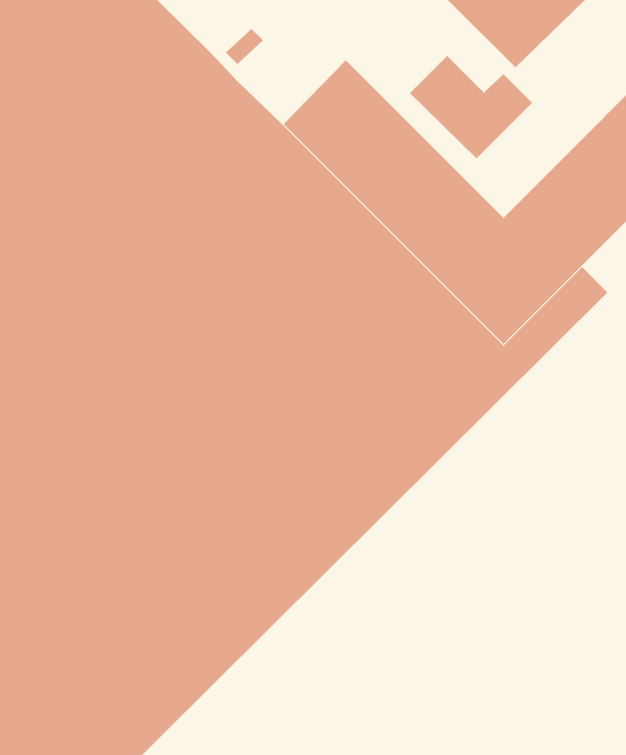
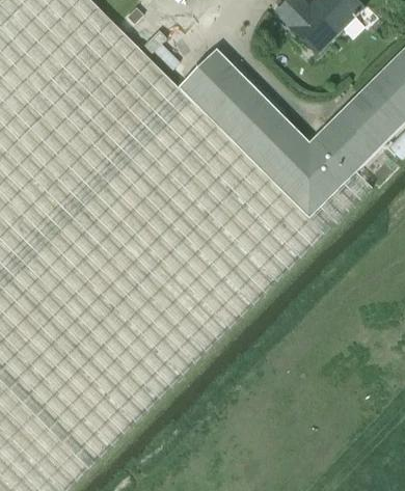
building: [409,55,533,159] -> none

